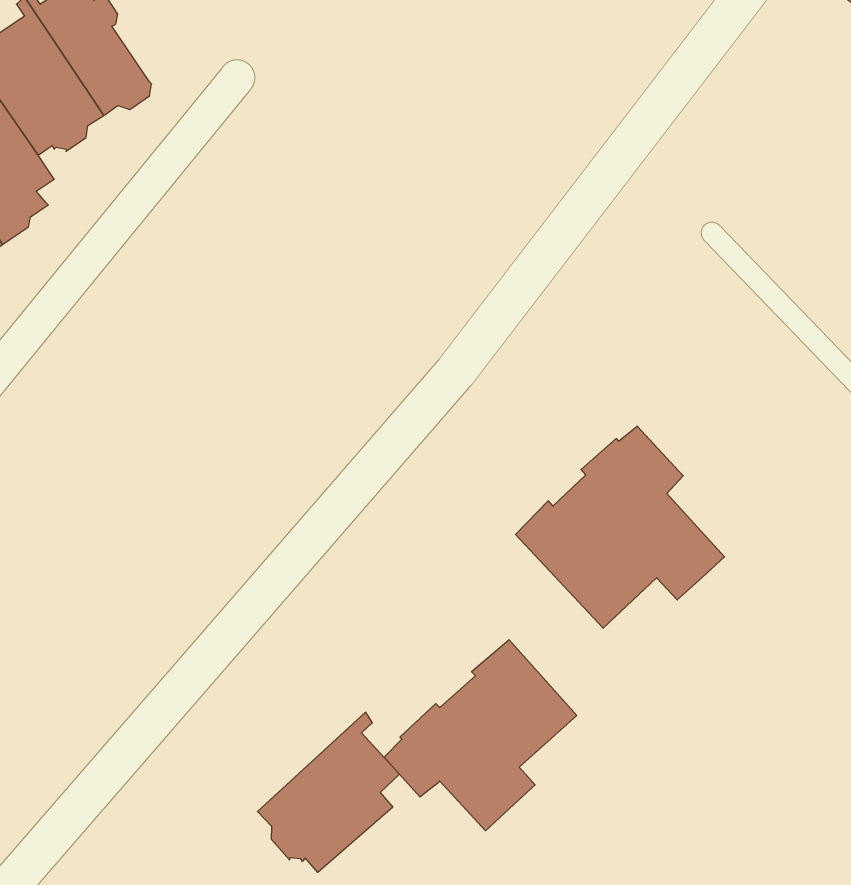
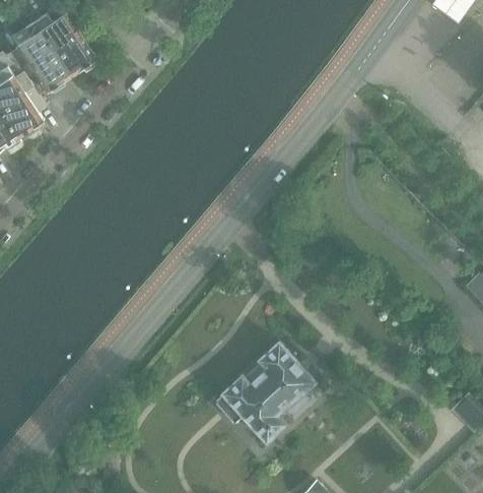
building: [516,426,725,628] -> none
building: [257,712,399,872] -> none

